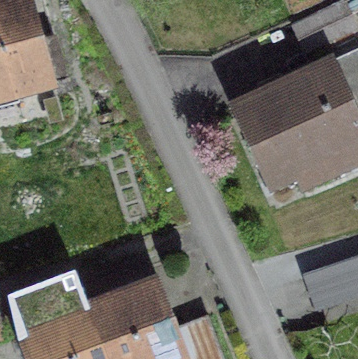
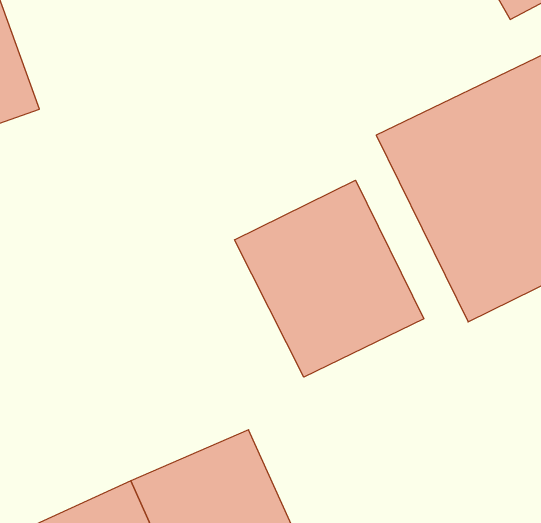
building: none -> [235,180,424,377]

